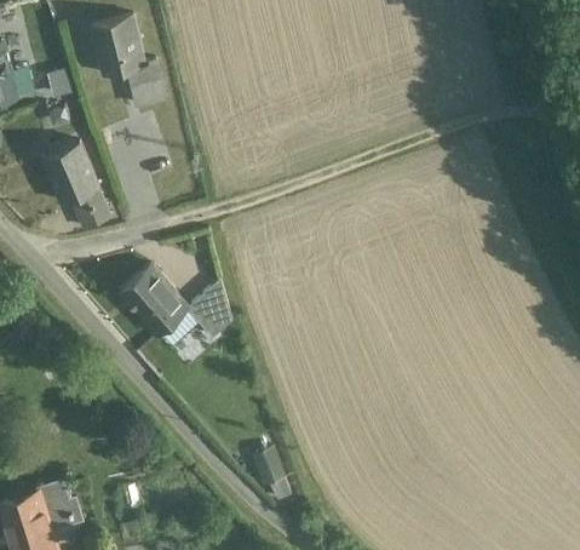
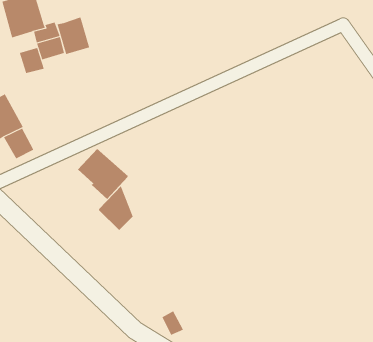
building: none -> [57,17,90,55]
building: none -> [19,47,45,74]
building: [121,264,188,333] -> [77,148,129,200]

